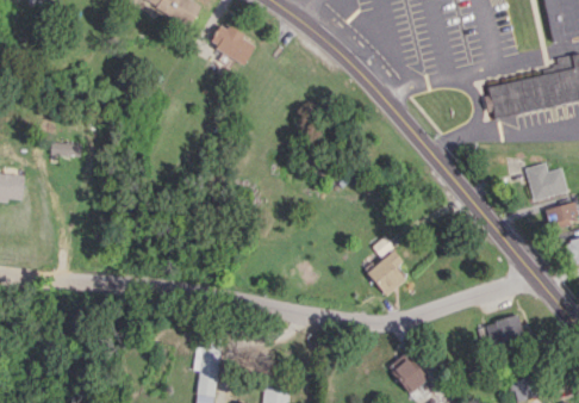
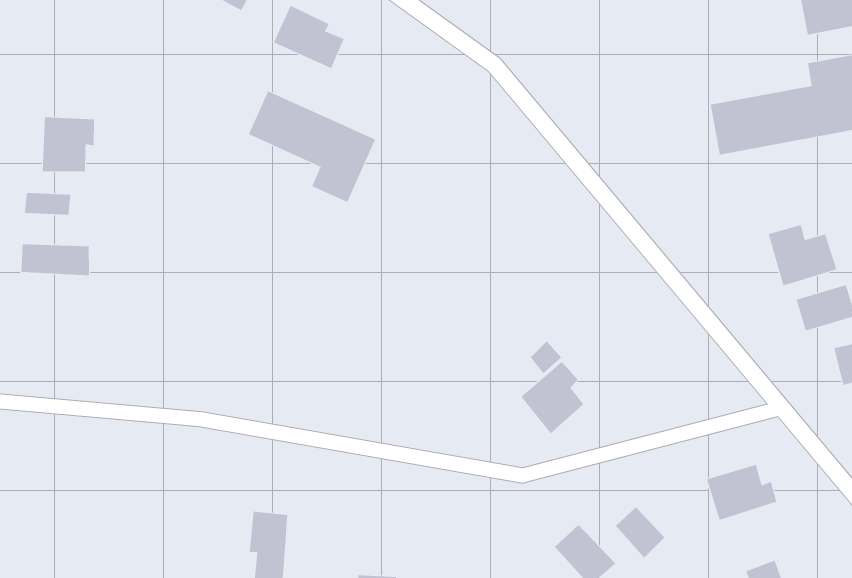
building: none -> [248,91,376,203]
building: none -> [42,116,95,172]
building: none -> [21,243,89,276]
building: none -> [615,507,665,558]

